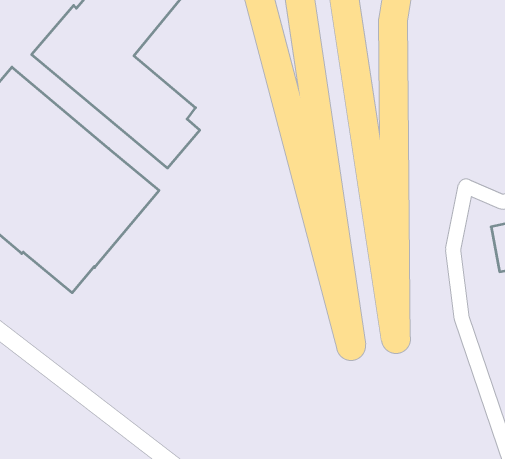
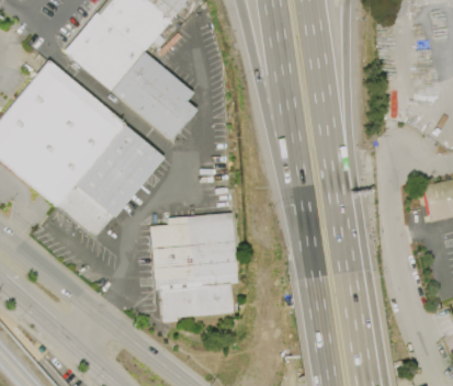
building: none -> [150,213,237,321]

